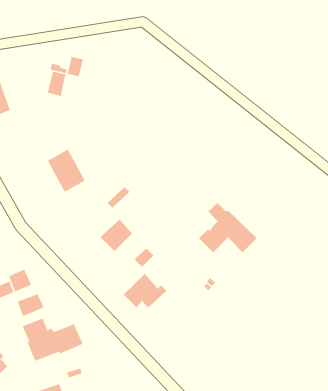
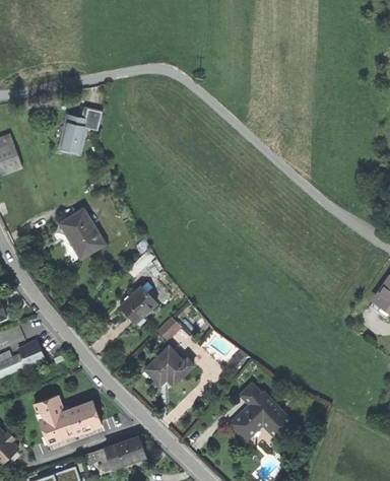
building: [198,202,257,253] -> [232,385,297,440]
building: [17,293,45,317] -> none
building: none -> [106,437,144,467]

